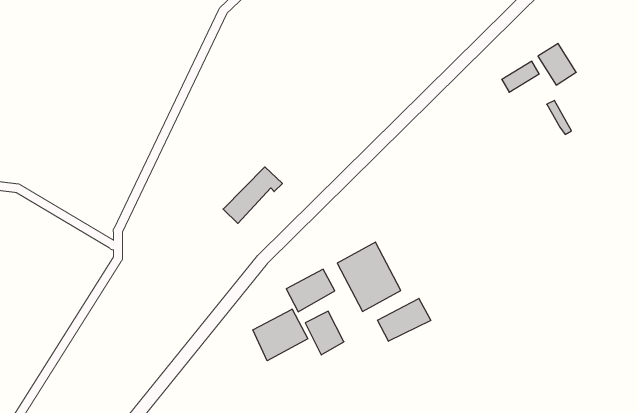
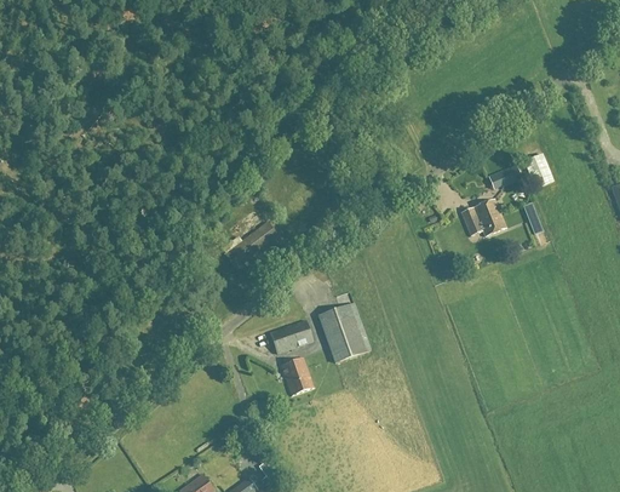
building: none -> [460,199,505,235]
building: [378,298,431,341] -> none
building: [253,309,308,361] -> none

